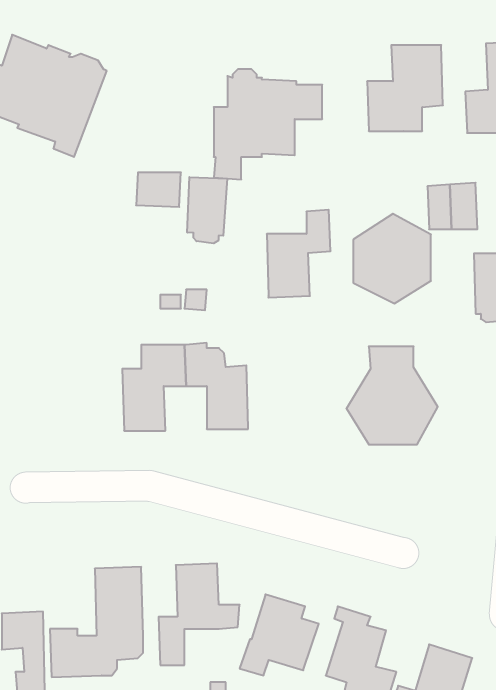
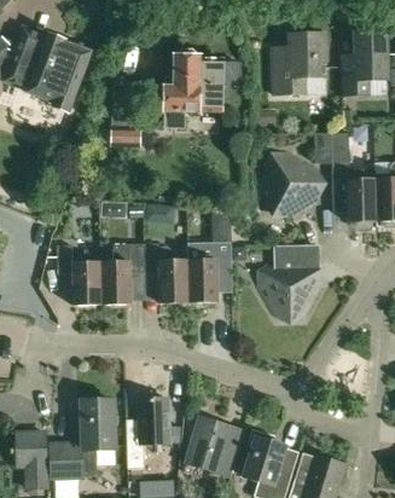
building: [187,177,227,243] -> none
building: [267,210,331,298] -> [187,241,232,302]
building: none -> [57,244,101,305]

